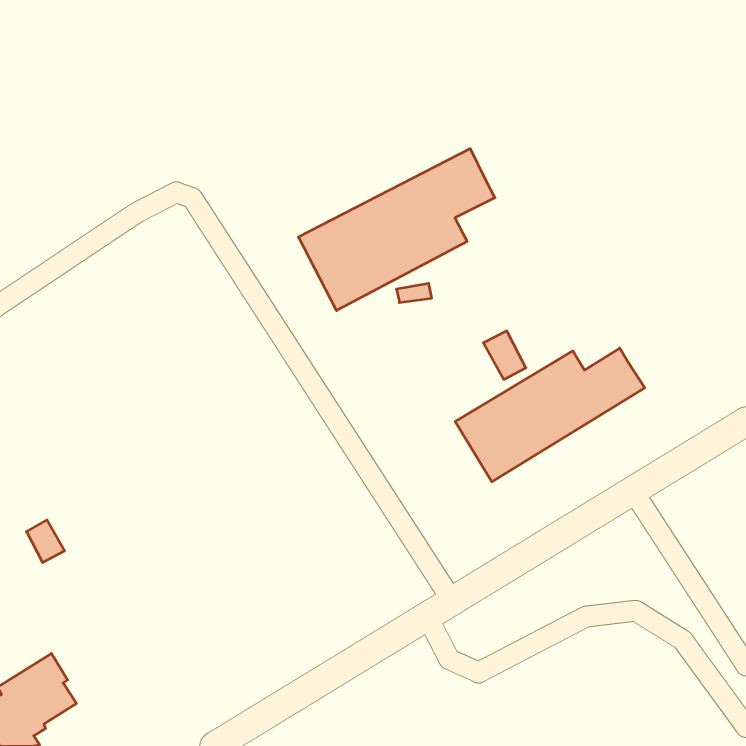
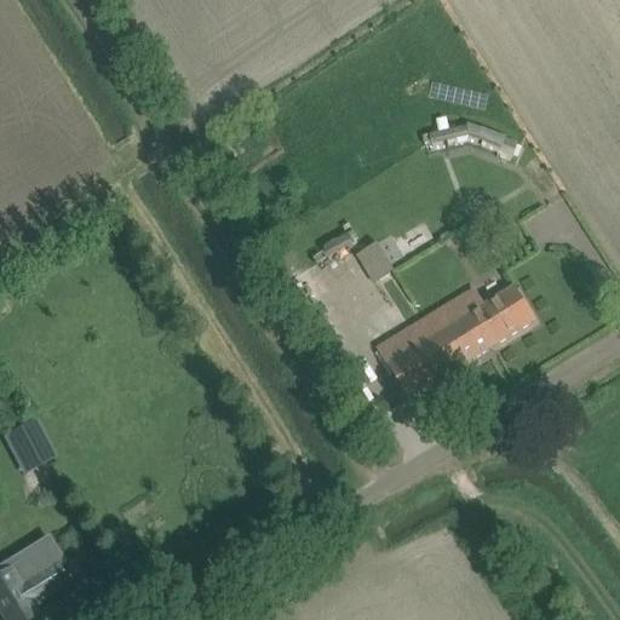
building: [298,149,495,311] -> none
building: [483,331,526,379] -> [361,237,396,277]

